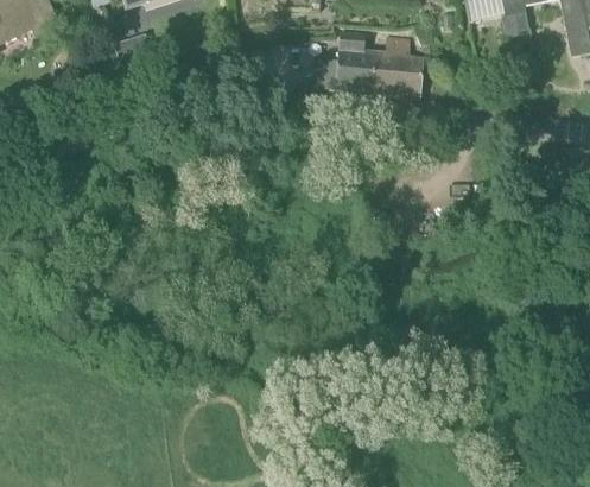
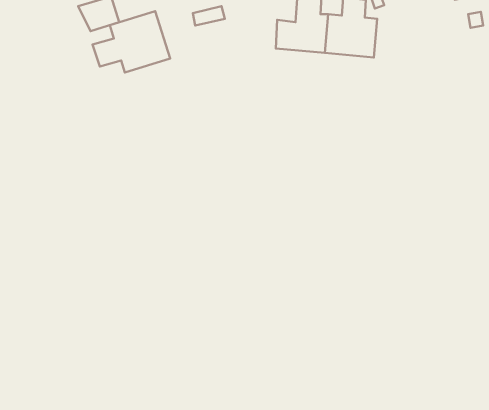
building: none -> [93,11,170,72]

